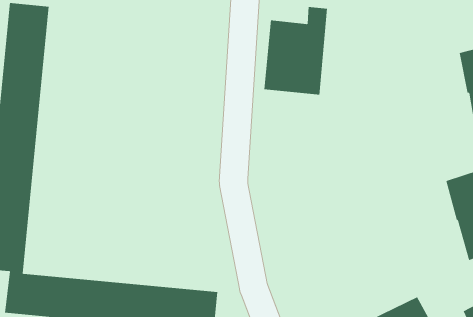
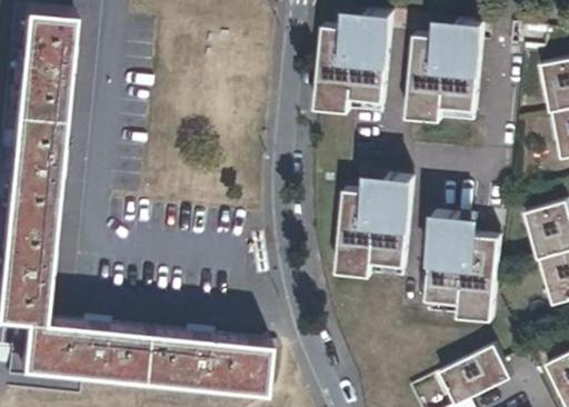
building: none -> [409,20,482,122]
building: none -> [338,173,412,276]
building: none -> [427,211,497,319]

